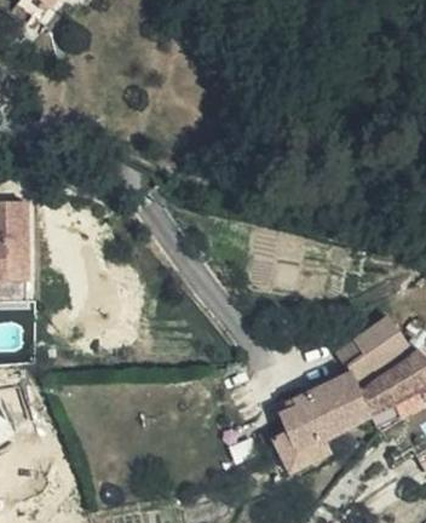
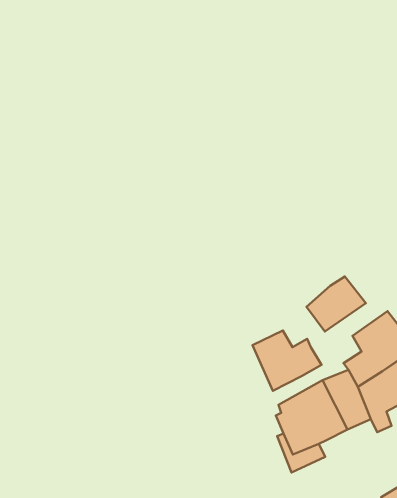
building: none -> [306,277,366,332]
building: none -> [252,330,321,391]

